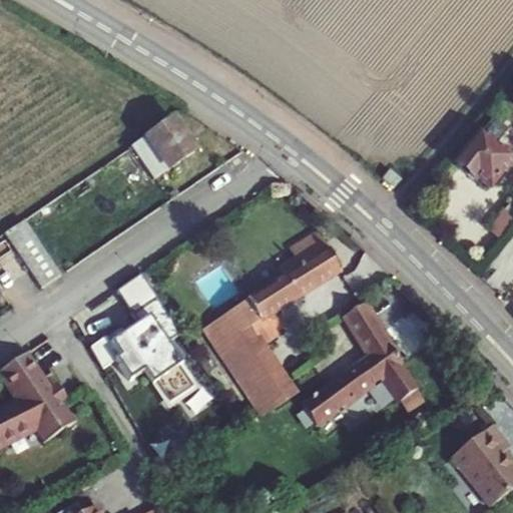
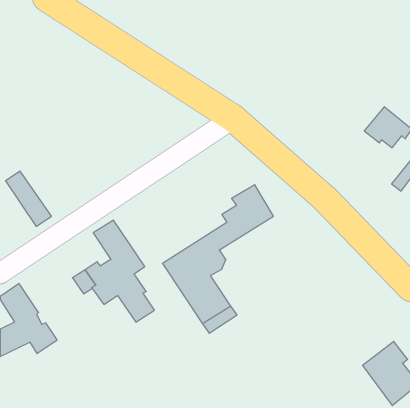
building: [132,110,195,170] -> none
building: [304,304,424,425] -> none

